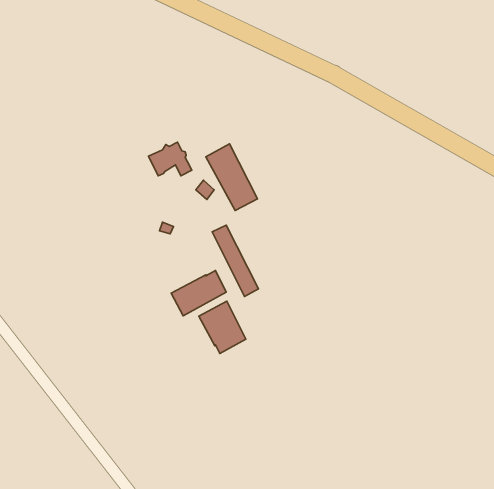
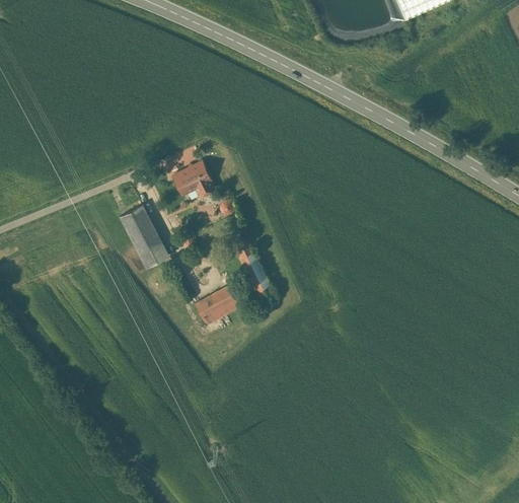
building: [206,144,258,211] -> [119,204,167,267]
building: [199,301,246,354] -> none

